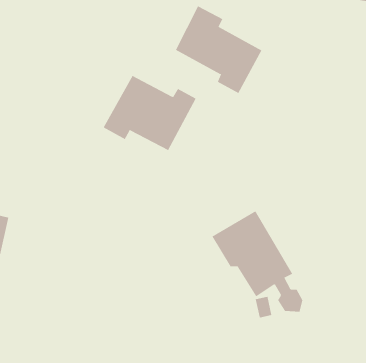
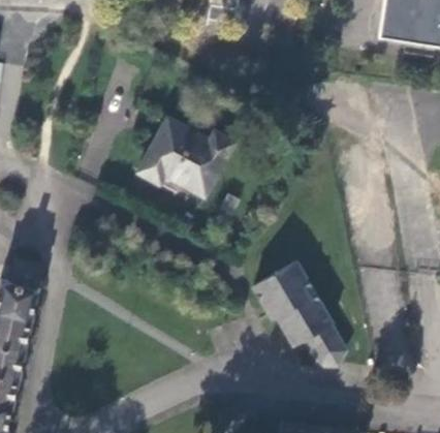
building: [175,5,262,94] -> none

